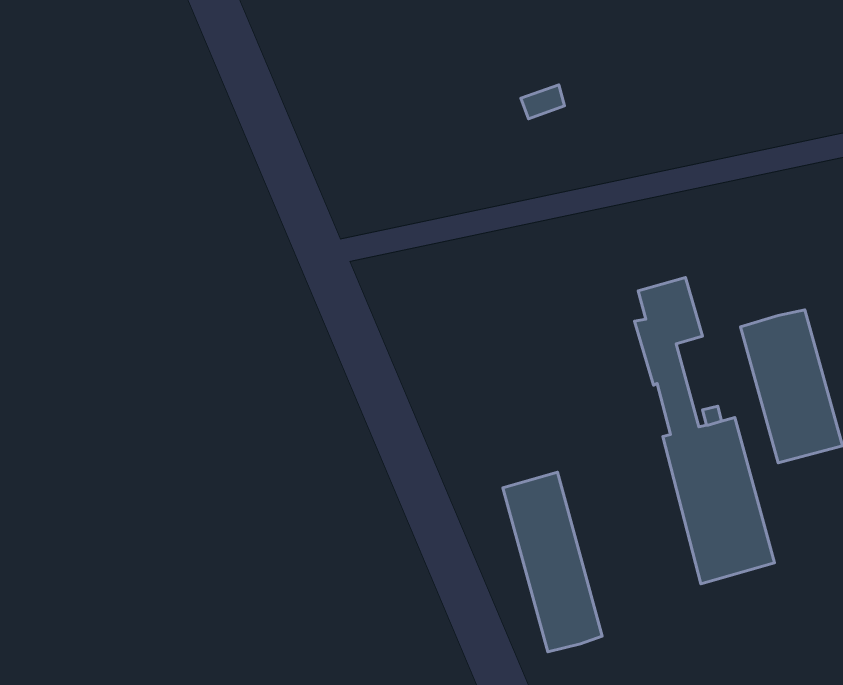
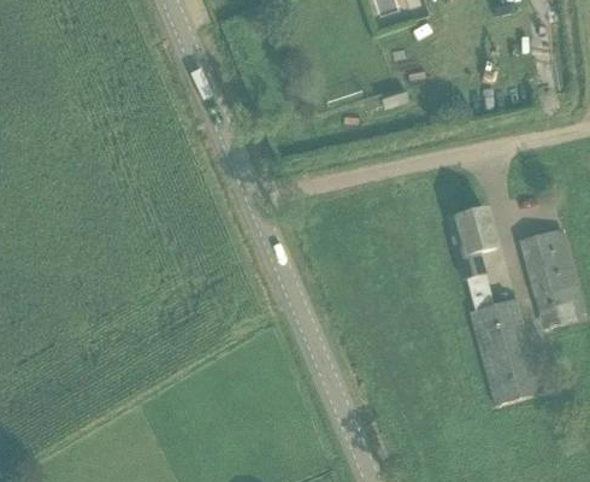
building: [503,472,602,652] -> none

